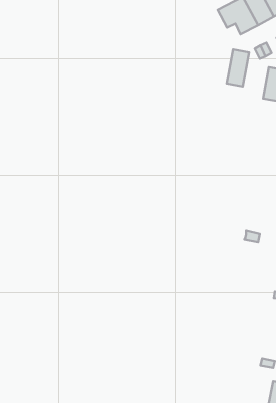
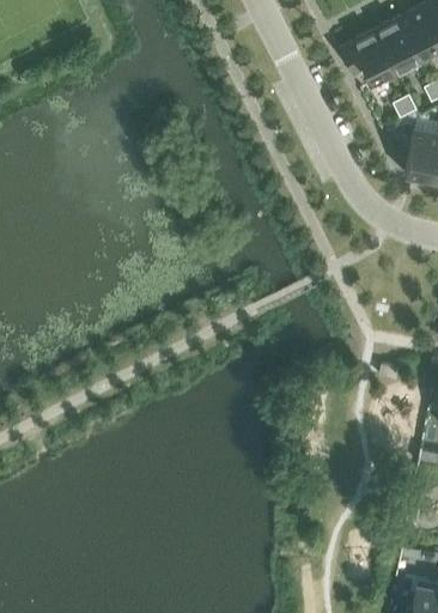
building: [227,49,249,87] -> none

